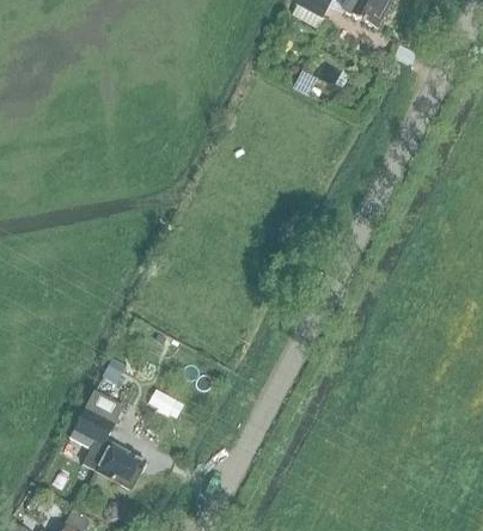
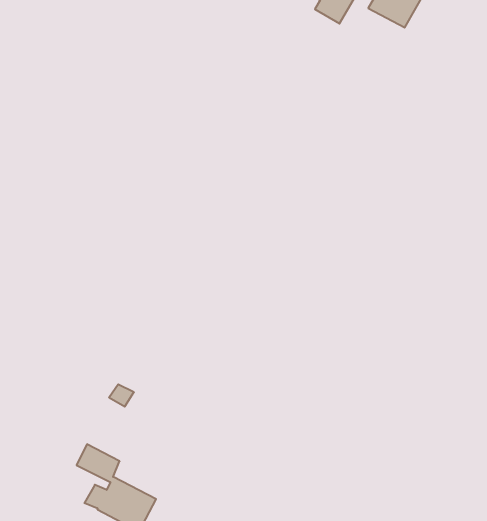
building: [84,390,124,423] -> none

